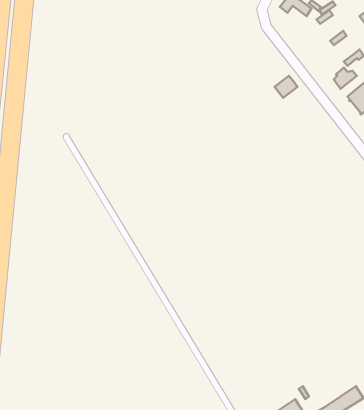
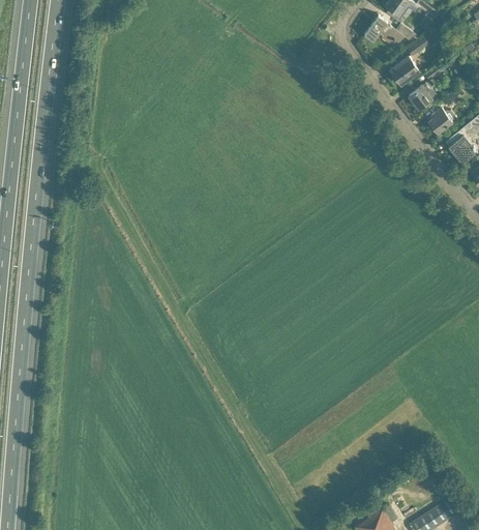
building: none -> [389,57,419,85]
building: [274,76,298,98] -> [408,83,436,110]

